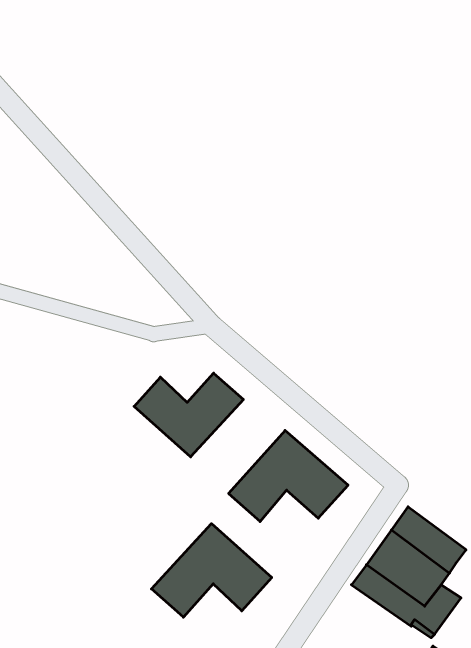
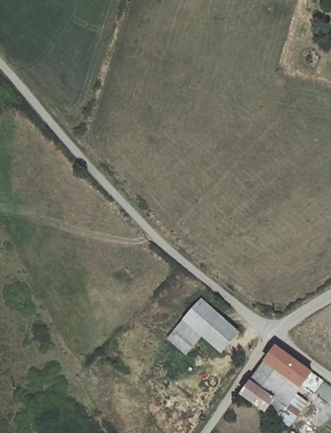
building: [134,373,243,457] -> none
building: [151,524,272,617] -> none

